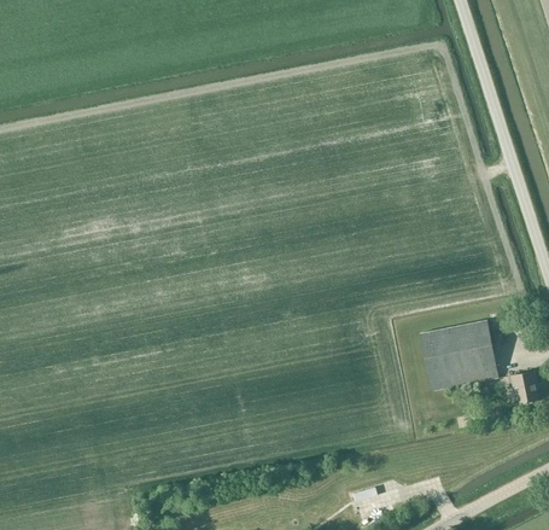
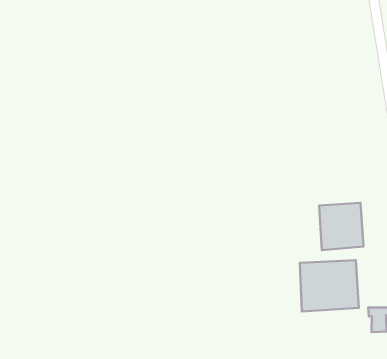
building: none -> [319,203,364,250]

